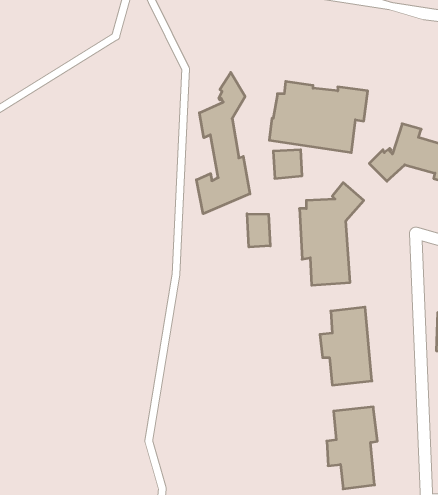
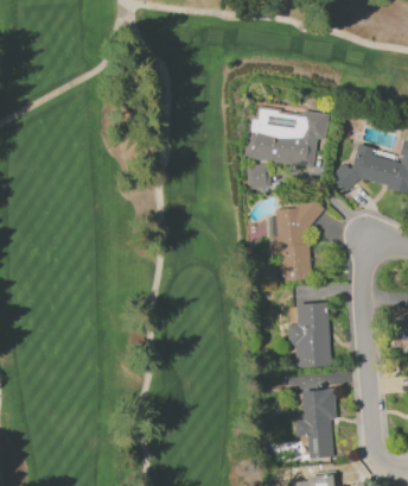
building: [196,72,250,214] -> none
building: [247,214,270,247] -> none

